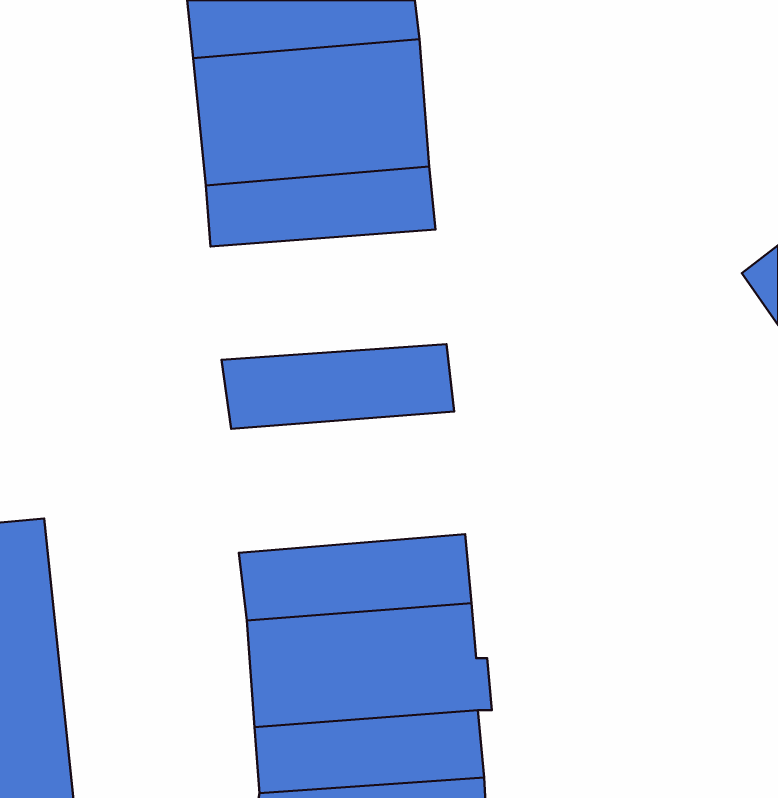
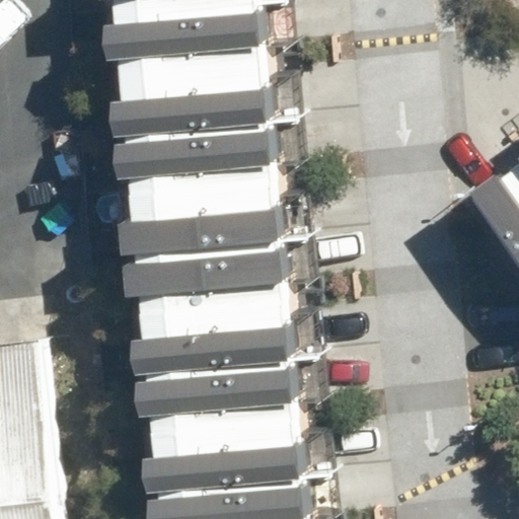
building: none -> [136,151,294,235]
building: none -> [149,269,306,360]

